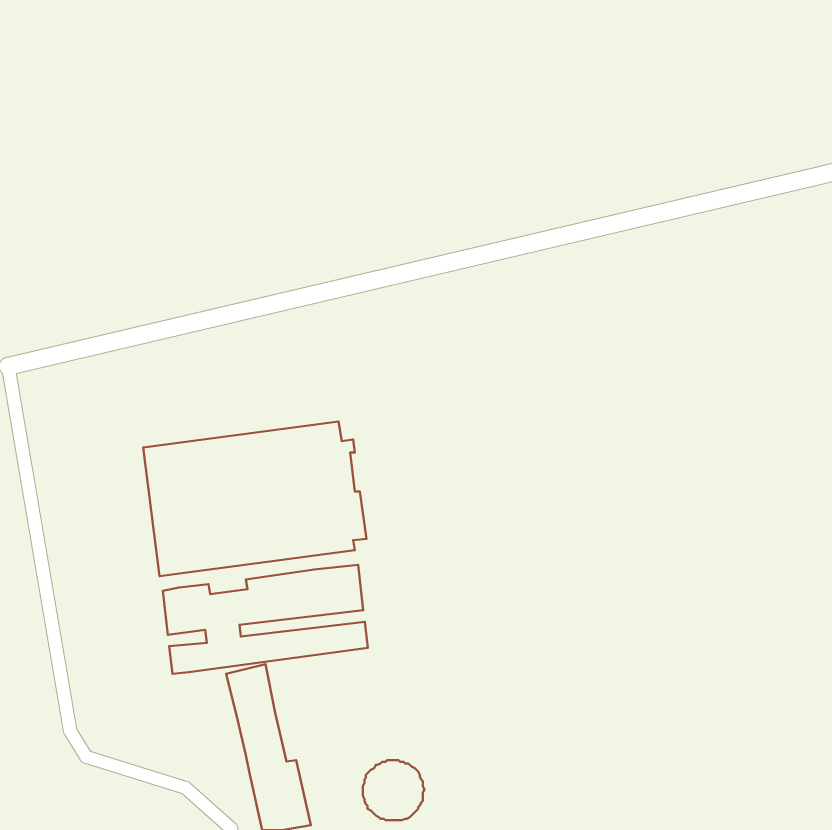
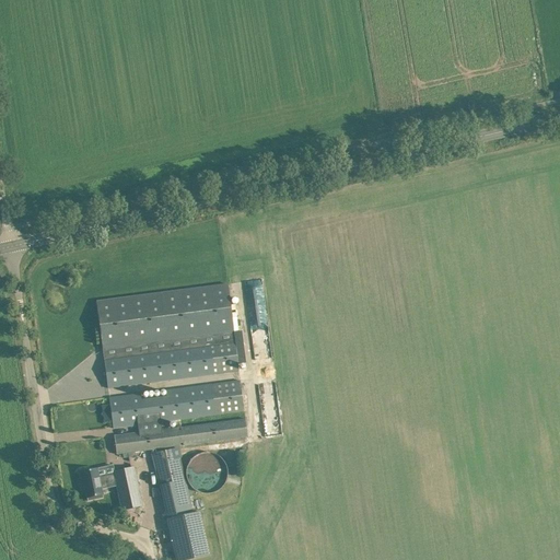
building: none -> [79,466,142,509]
building: [363,760,425,820] -> [186,452,228,492]

